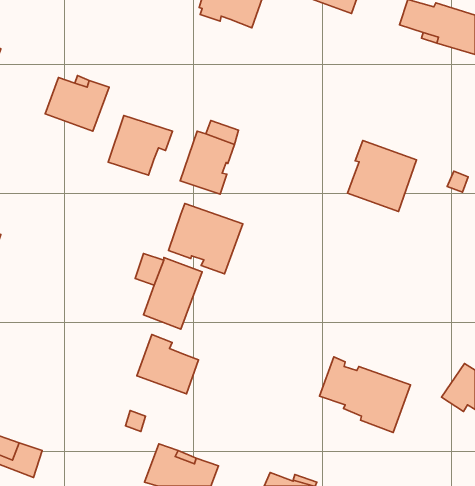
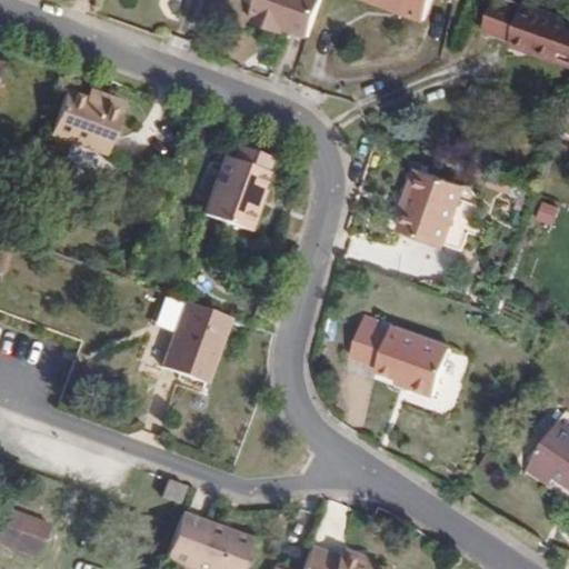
building: [108,115,173,175] -> none
building: [169,203,243,274] -> none
building: [137,335,199,394] -> none
building: [319,357,410,433] -> [350,316,456,403]

